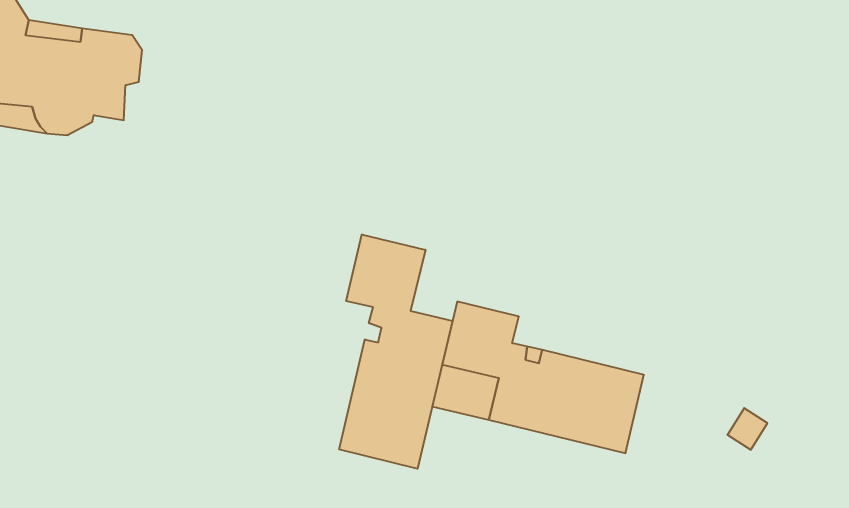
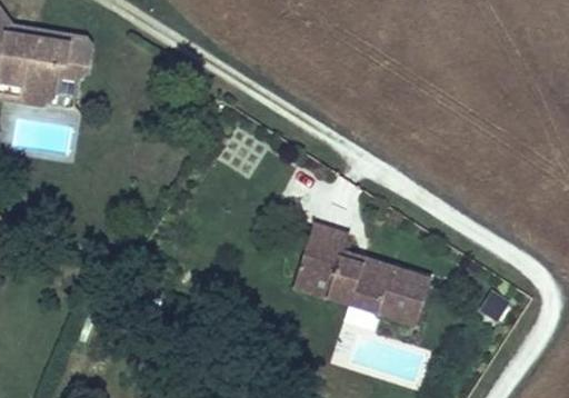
building: [339,234,452,469] -> none

